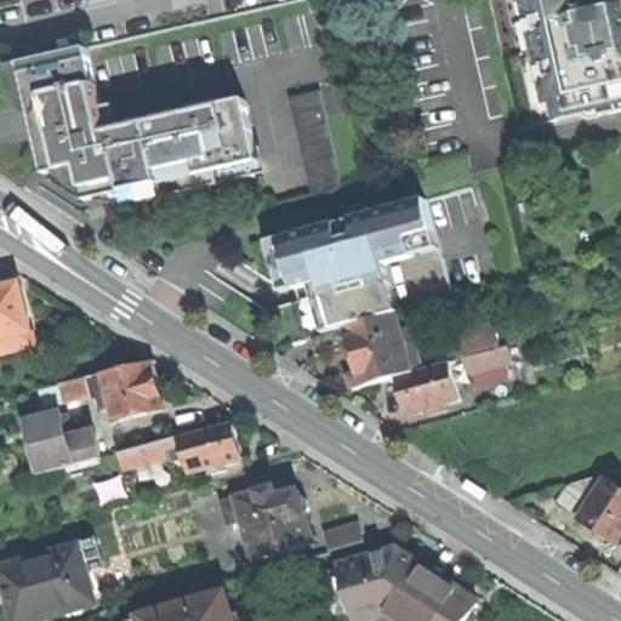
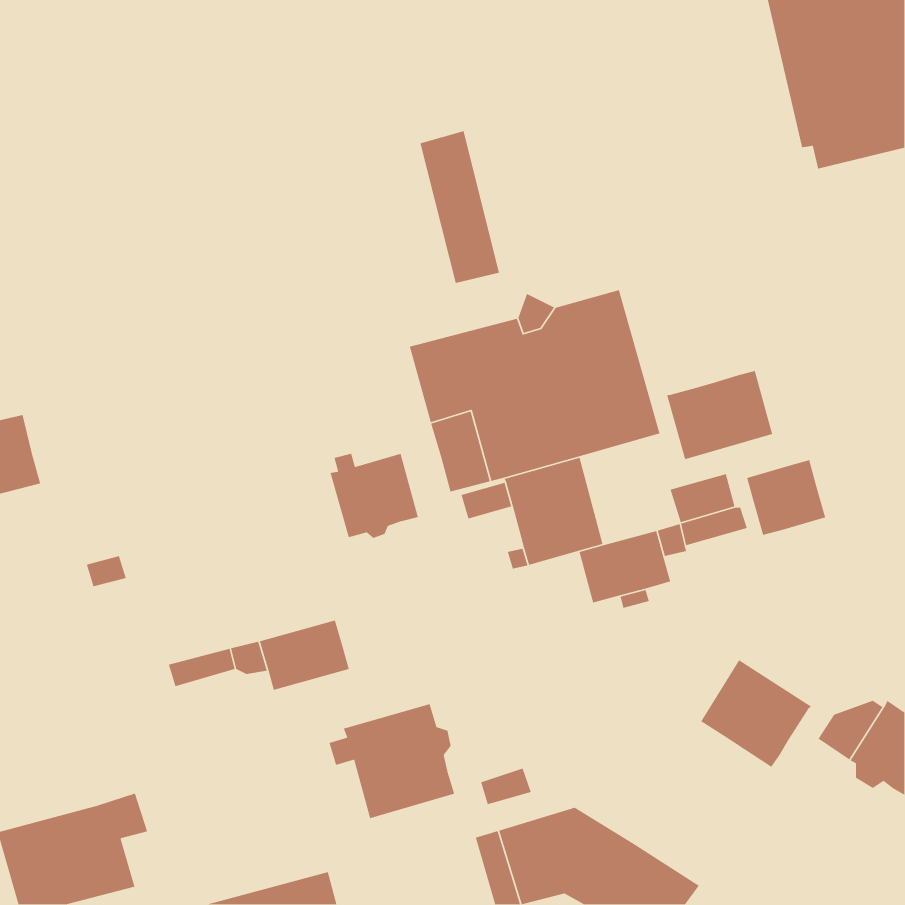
building: [6,46,257,194] -> none
building: none -> [666,370,773,460]
building: none -> [330,453,419,539]
building: none -> [746,459,826,536]
building: [102,359,160,418] -> none
building: [24,414,96,472] -> none
building: none -> [700,659,812,768]

